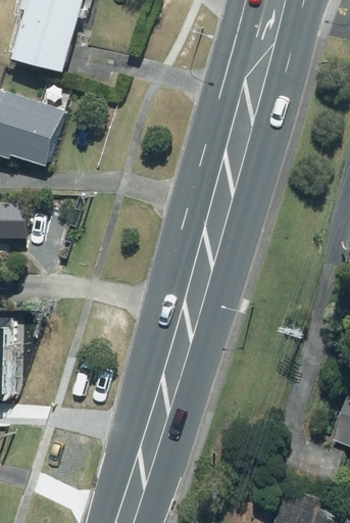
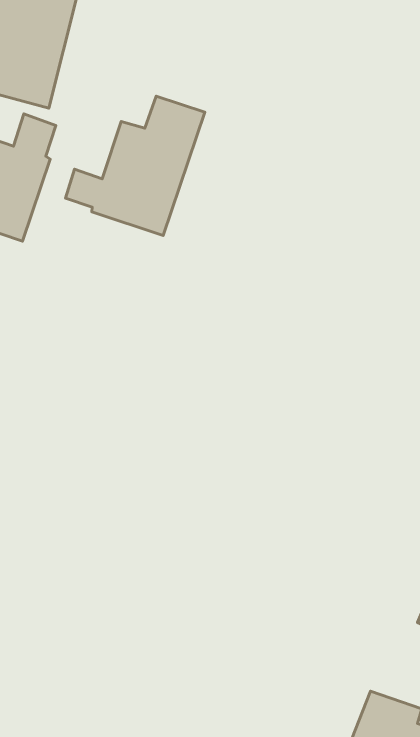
building: none -> [65,96,205,236]

